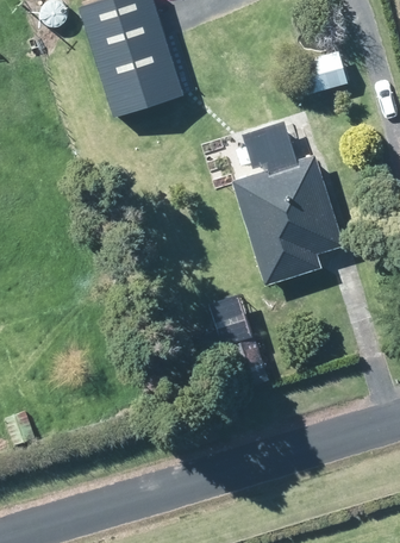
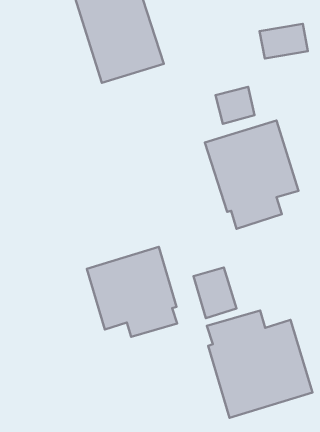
building: none -> [87,247,177,337]
building: none -> [207,311,312,418]

